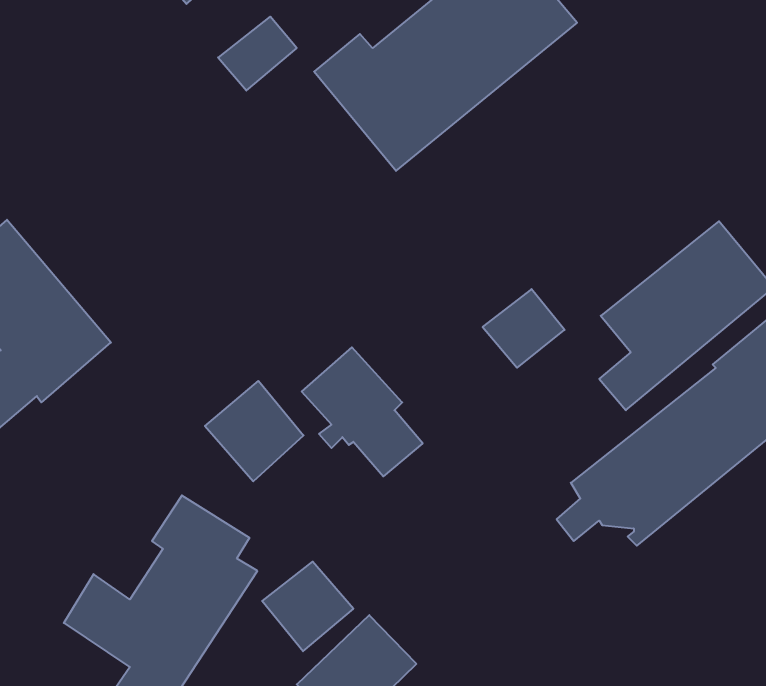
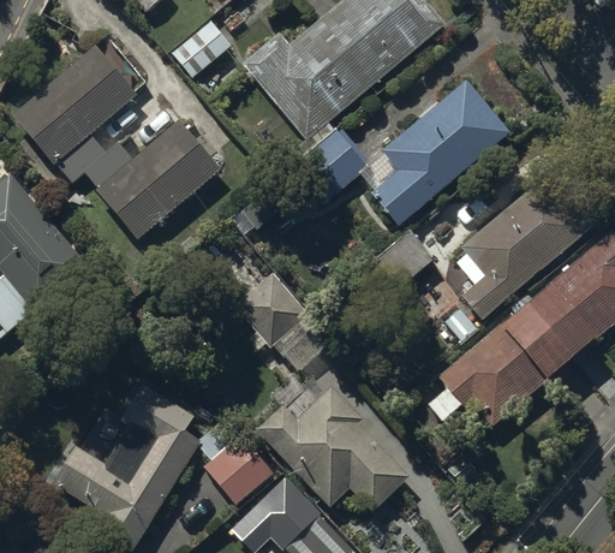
building: none -> [13,46,221,239]
building: none -> [310,91,495,225]
building: [205,381,304,481] -> none
building: none -> [257,376,410,512]

